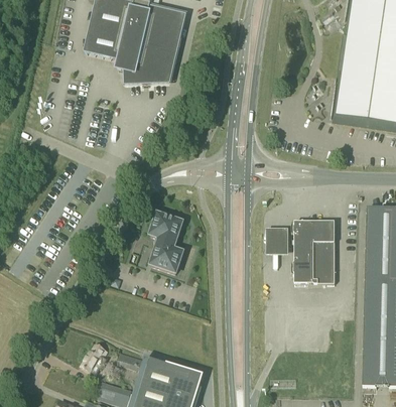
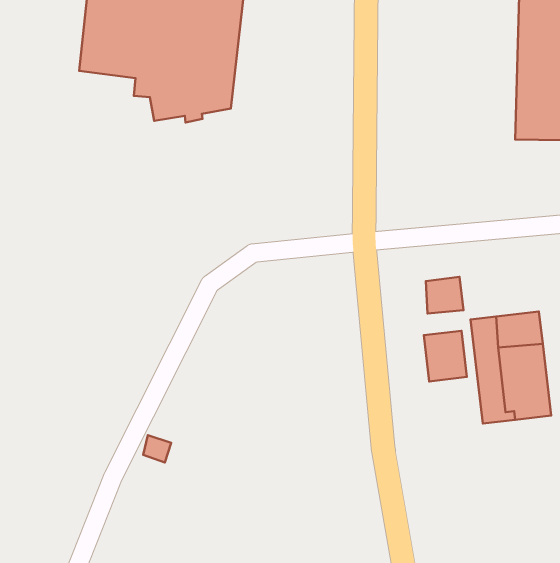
building: none -> [426,277,463,313]
building: [151,212,183,271] -> none

